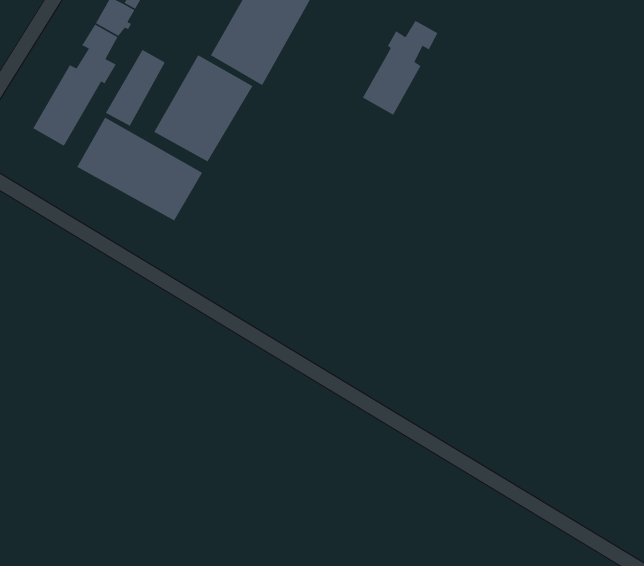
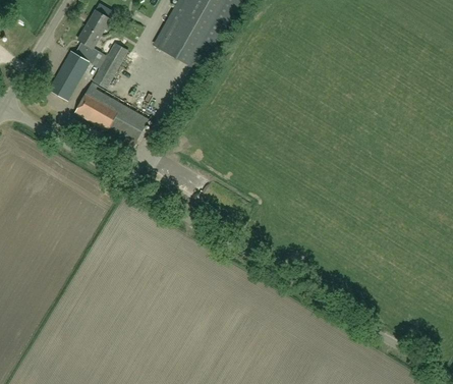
building: [362,20,438,116] -> none
building: [153,54,253,163] -> none

